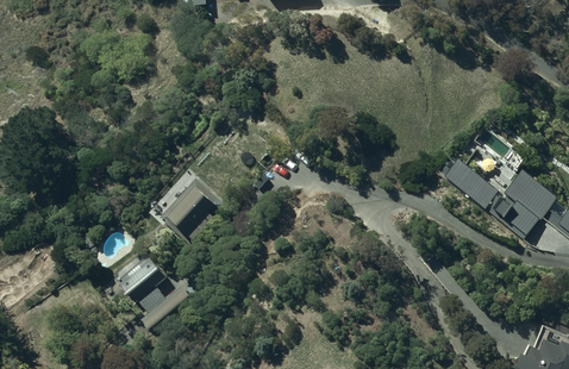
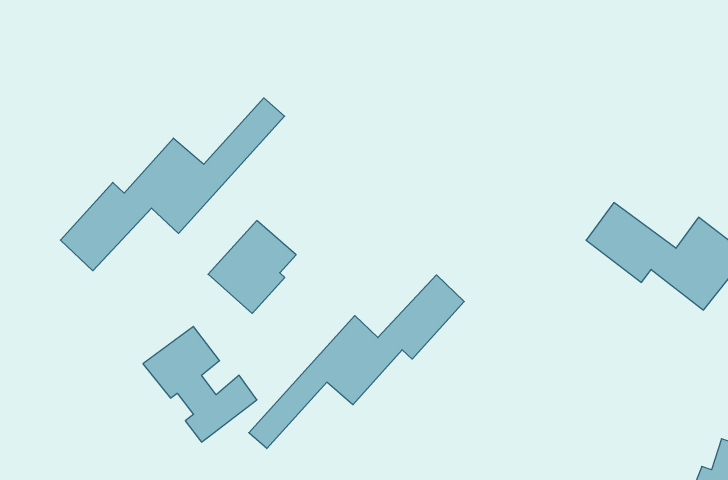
building: none -> [60,98,285,271]
building: none -> [249,275,464,449]

